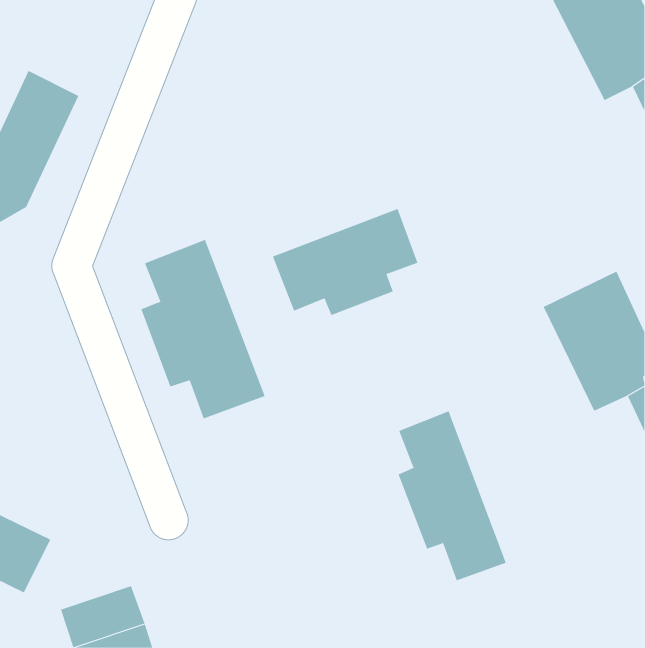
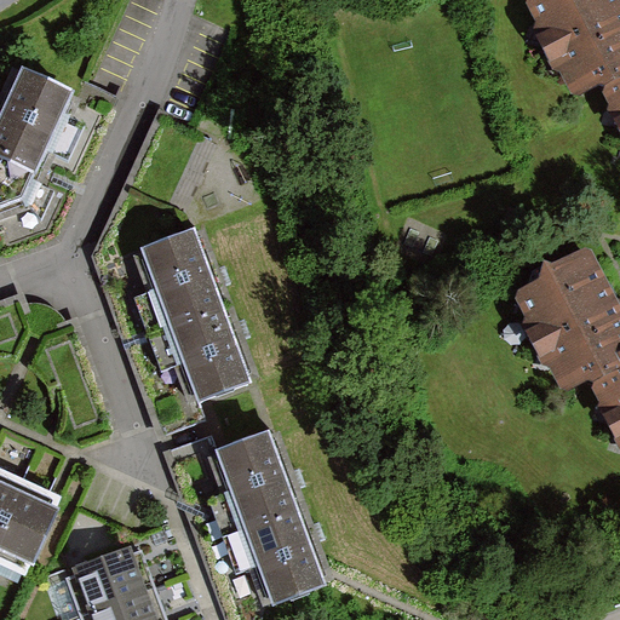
building: [272,208,418,316] -> none
building: [398,411,507,581] -> none
building: none -> [191,432,332,607]

